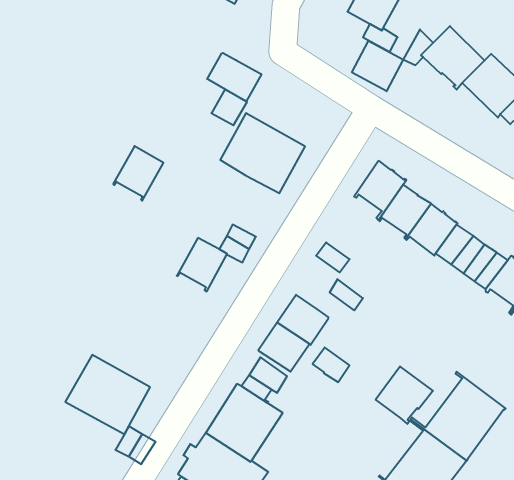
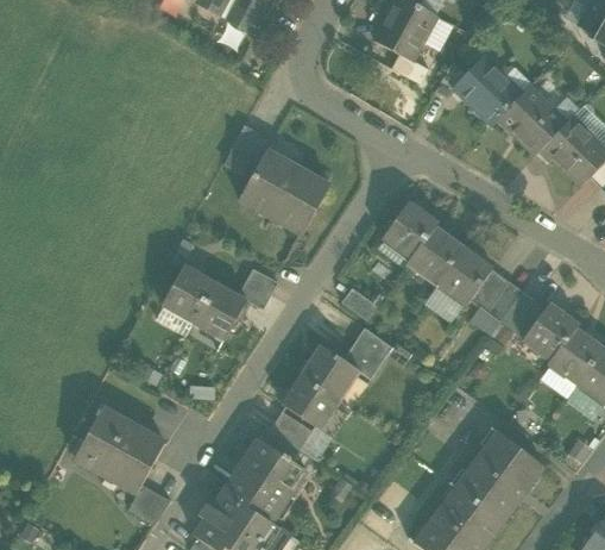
building: [352,41,403,91] -> none
building: [207,53,261,101] -> none
building: [113,146,163,201] -> [162,265,215,324]
building: [313,347,349,382] -> [342,342,382,379]
building: [376,366,433,424] -> none

